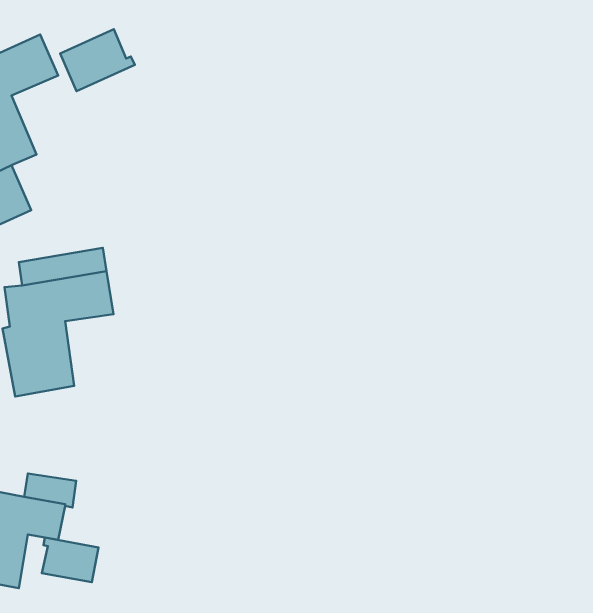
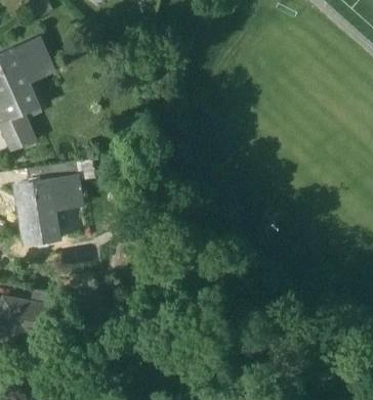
building: [60,29,135,91] -> none
building: [42,538,99,582] -> none

